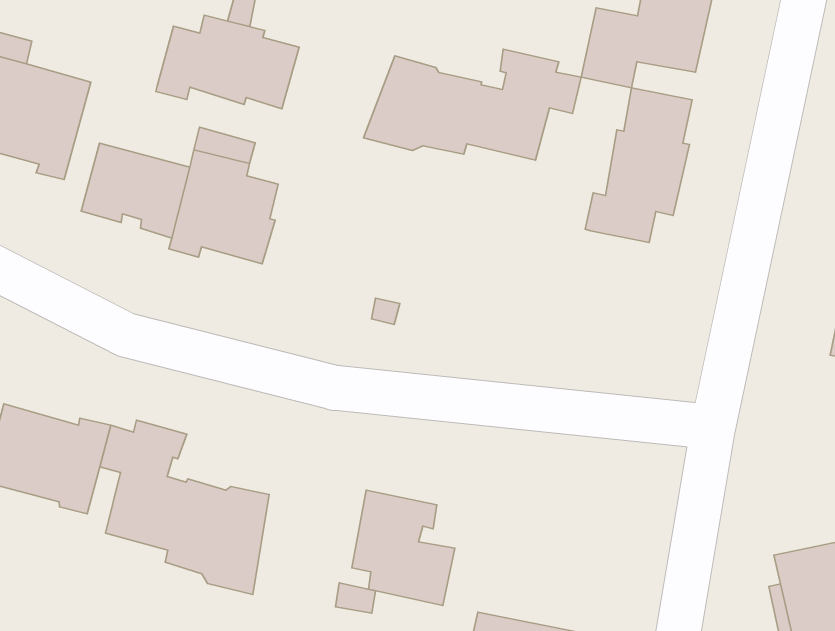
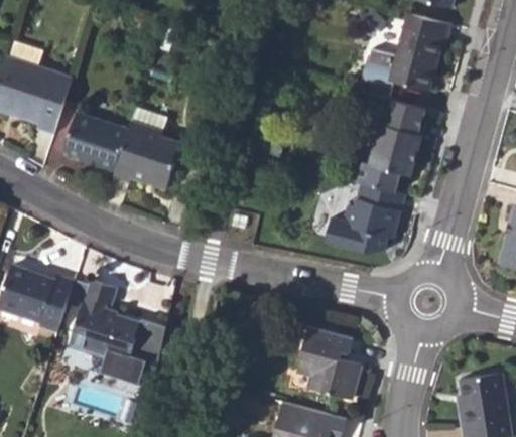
building: [156,15,299,109] -> none
building: [363,49,581,160] -> none
building: none -> [327,181,405,253]
building: [352,490,455,605] -> [297,327,359,398]

